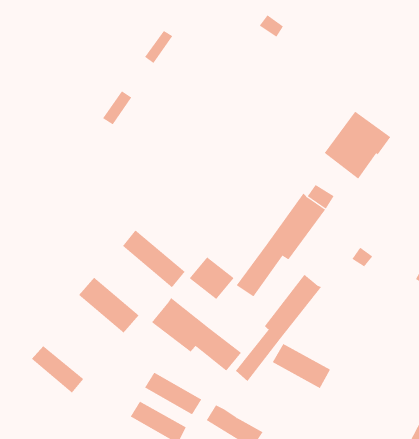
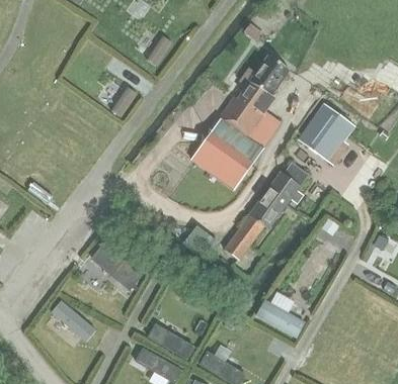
building: none -> [195,56,288,187]
building: [122,230,185,288] -> none
building: [235,274,322,382] -> none
building: [151,297,242,372] -> none

